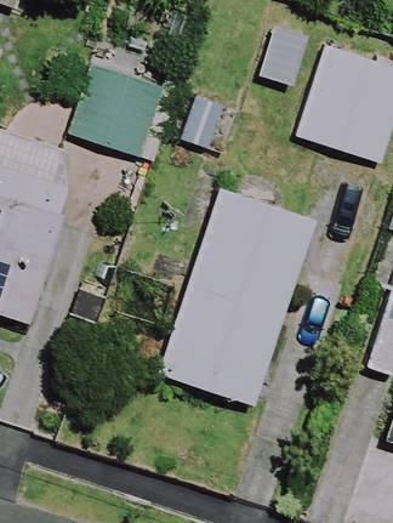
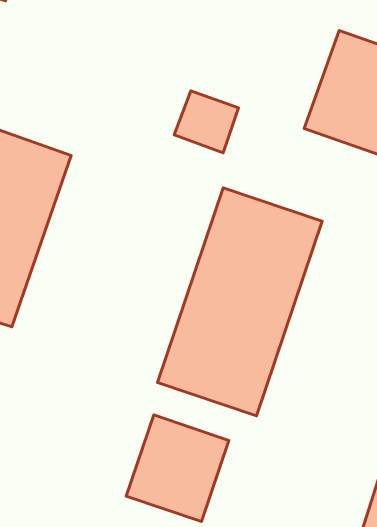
building: [76,67,176,159] -> none
building: none -> [126,415,229,521]

